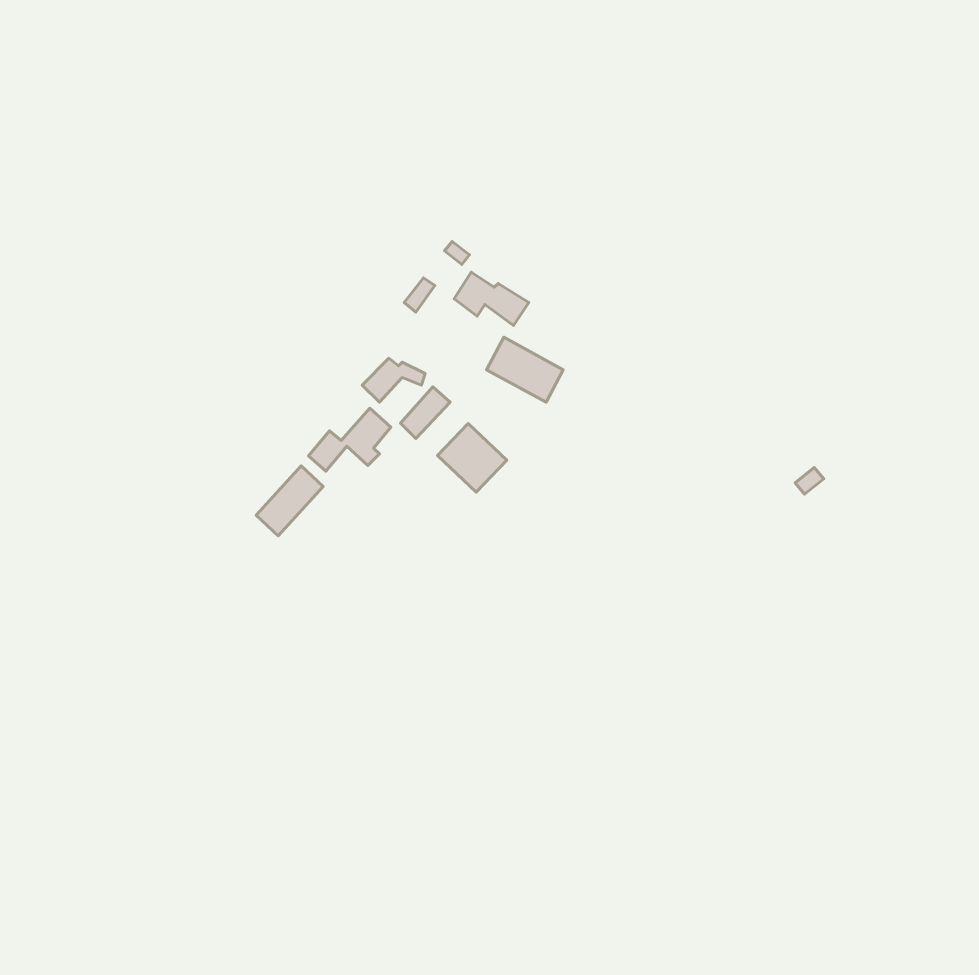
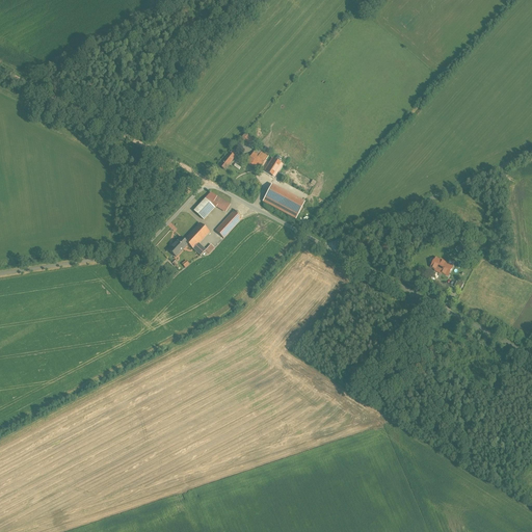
building: [437,424,507,492] -> none
building: [256,466,323,536] -> none

